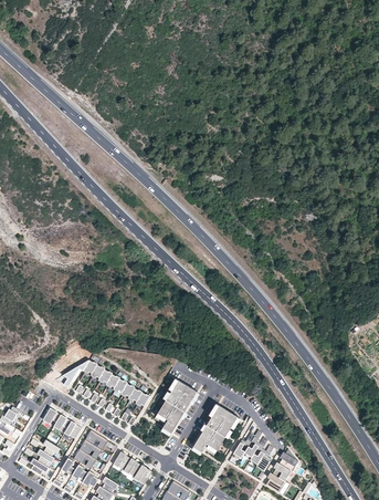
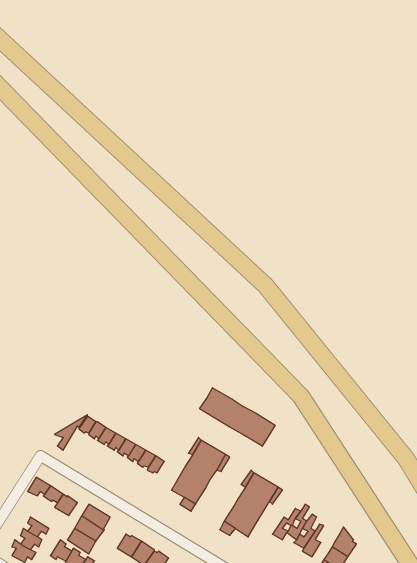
building: none -> [200,388,275,446]

